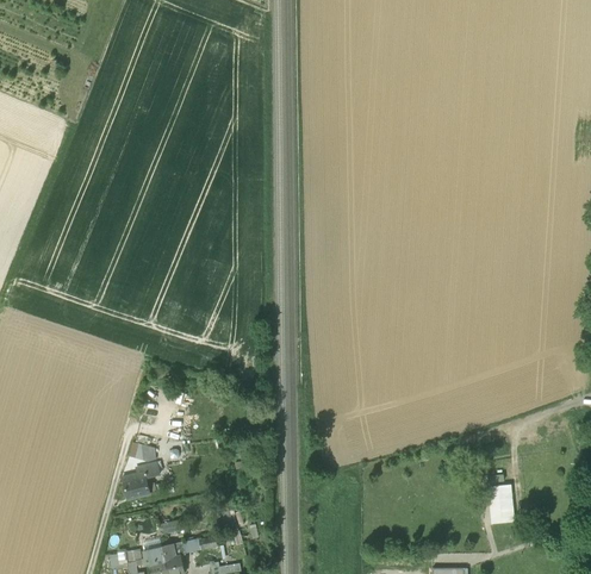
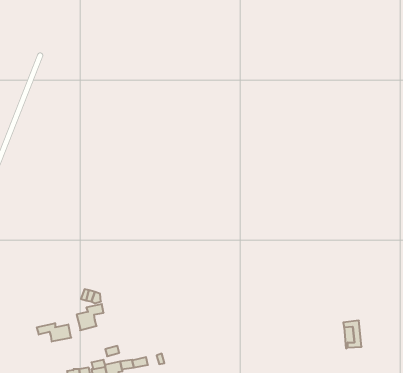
building: none -> [37,323,71,342]

